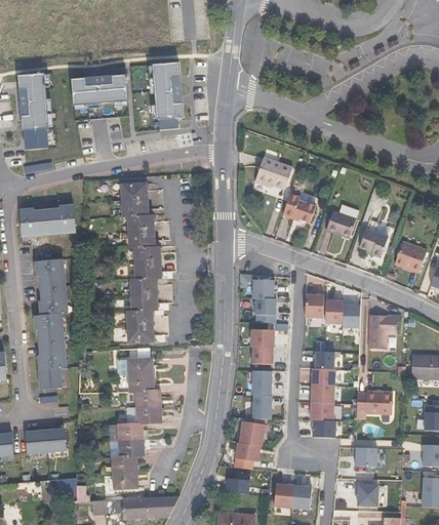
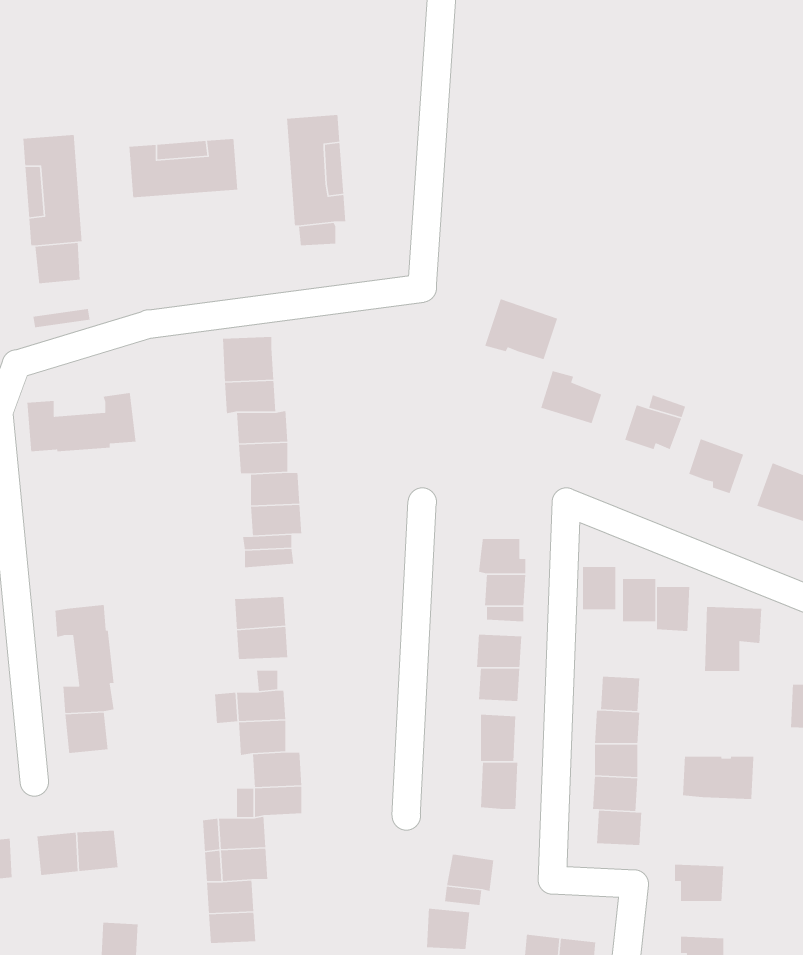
building: [35,259,66,316] -> none
building: [131,293,157,311] -> none
building: [239,420,267,446] -> none

